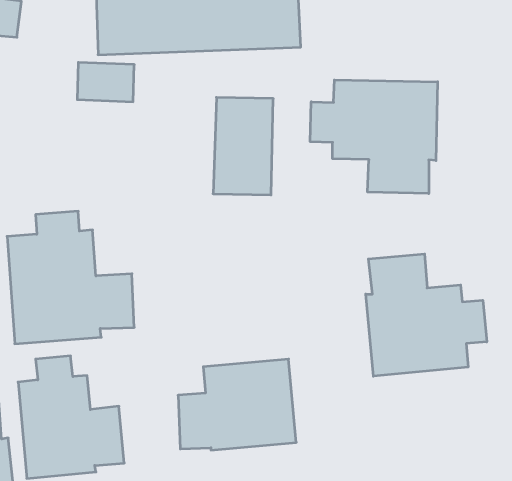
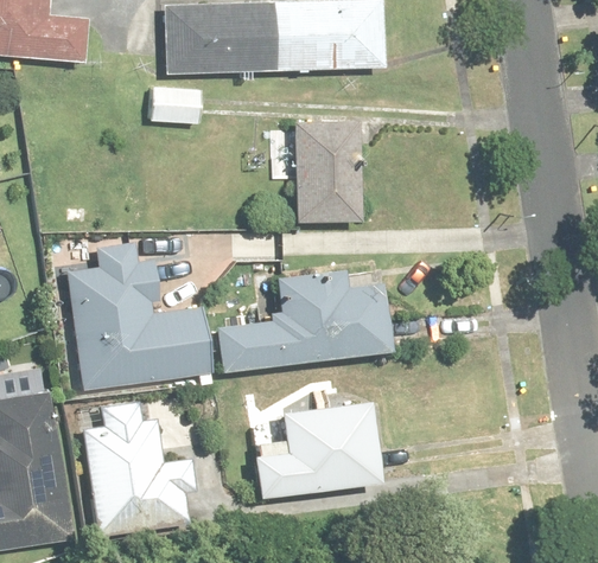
building: [310,80,438,194] -> none
building: none -> [199,275,369,379]
building: [366,254,487,376] -> none

